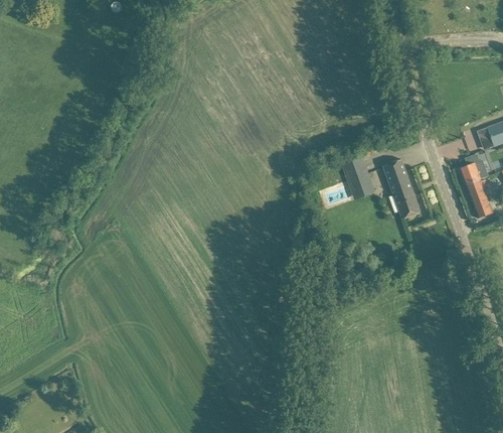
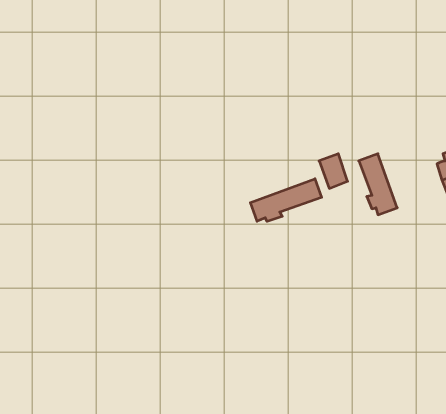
building: none -> [250,179,322,221]

